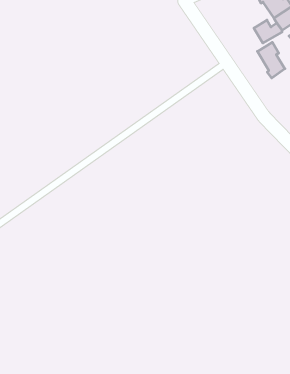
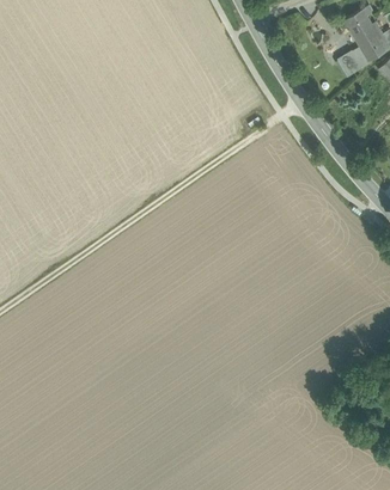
building: [257,42,285,78] -> none

